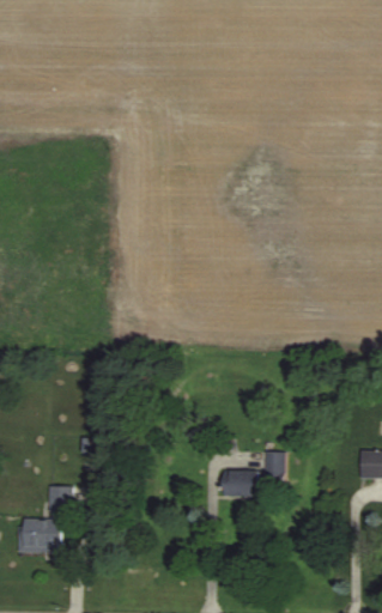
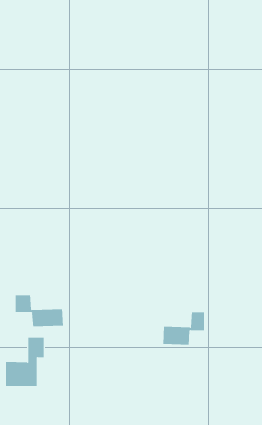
building: none -> [15,294,64,327]

